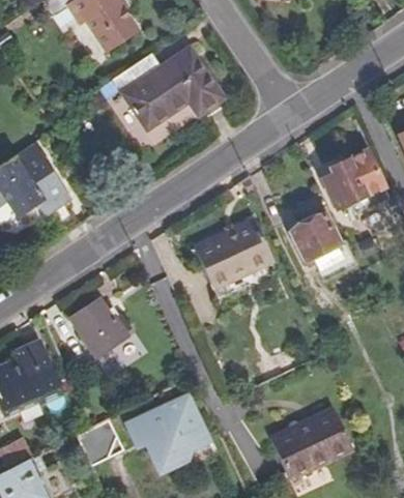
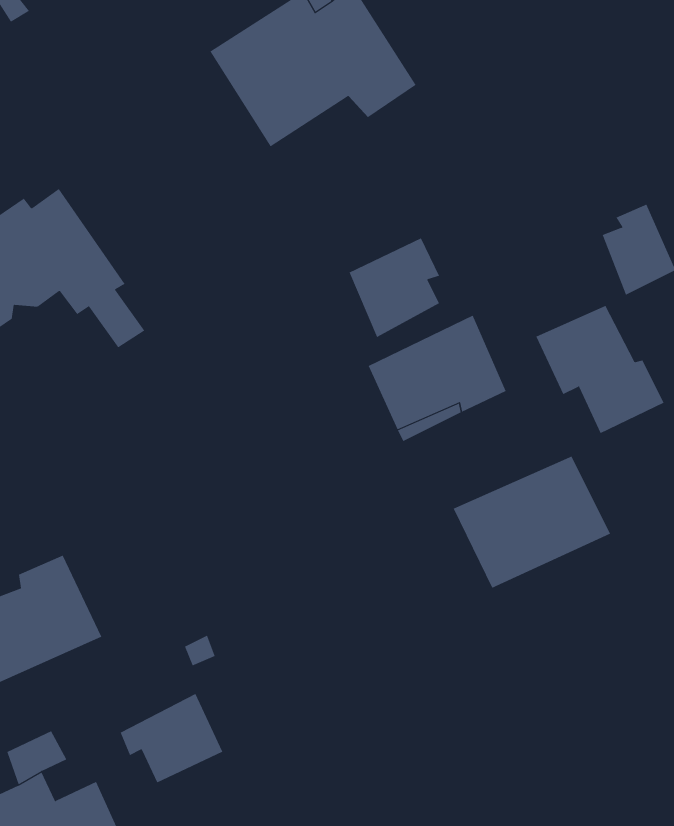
building: none -> [349,238,440,338]
building: [69,297,126,359] -> none
building: [129,397,207,470] -> none
building: [271,410,355,480] -> [453,456,611,589]

